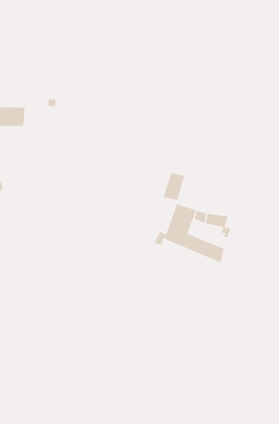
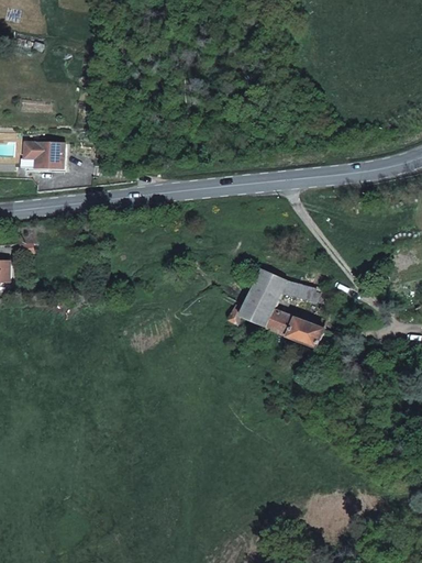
building: [163,172,185,201] -> none

